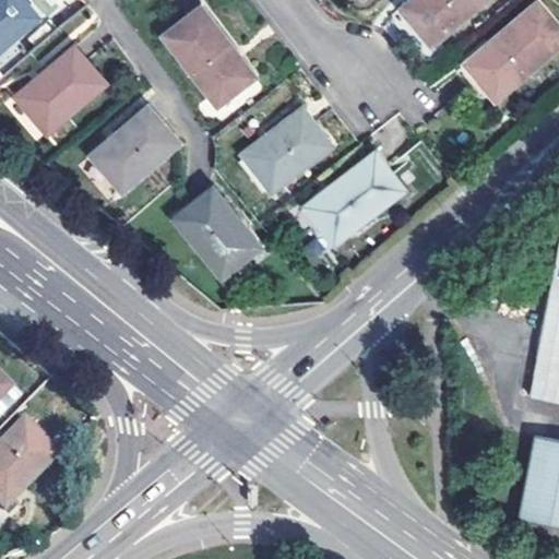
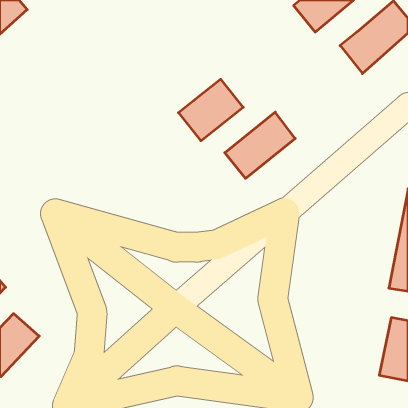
building: [163,8,252,105] -> none
building: [17,46,105,130] -> none
building: [95,108,182,192] -> none
building: [177,191,259,278] -> none

